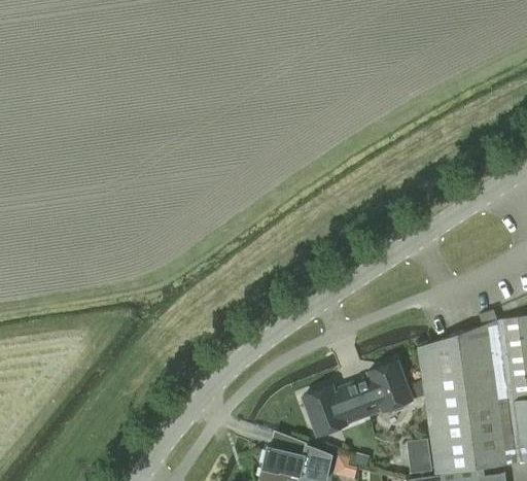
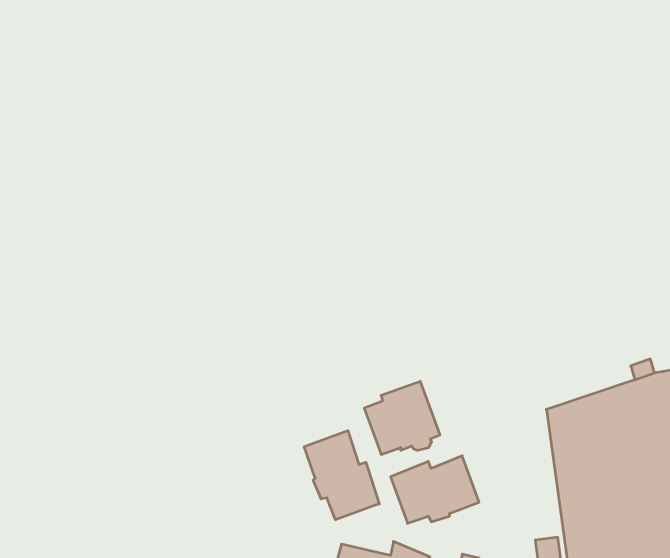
building: [356,363,412,416] -> [364,381,440,454]
building: none -> [304,431,379,520]

